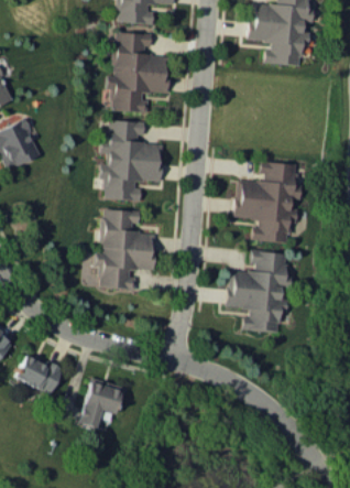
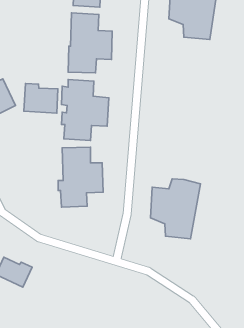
building: none -> [24,84,58,113]
building: [227,161,293,240] -> none
building: [81,379,125,427] -> none

